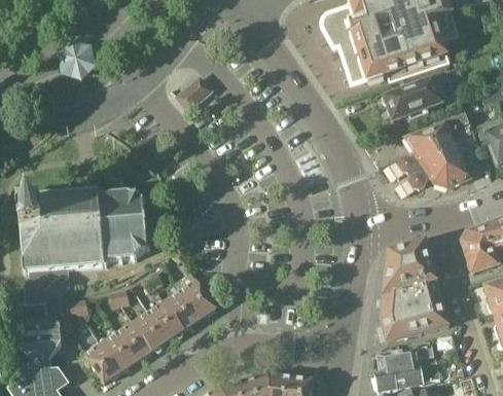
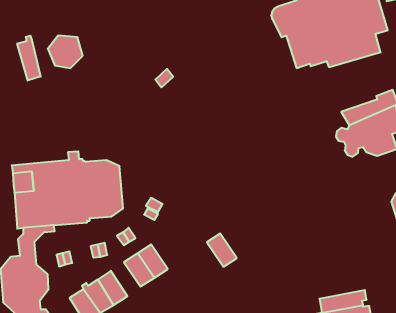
building: none -> [17,36,41,81]
building: [382,71,456,120] -> none
building: [381,241,450,341] -> none
building: [181,280,216,319] -> [207,233,237,267]
building: [134,311,169,351] -> none

